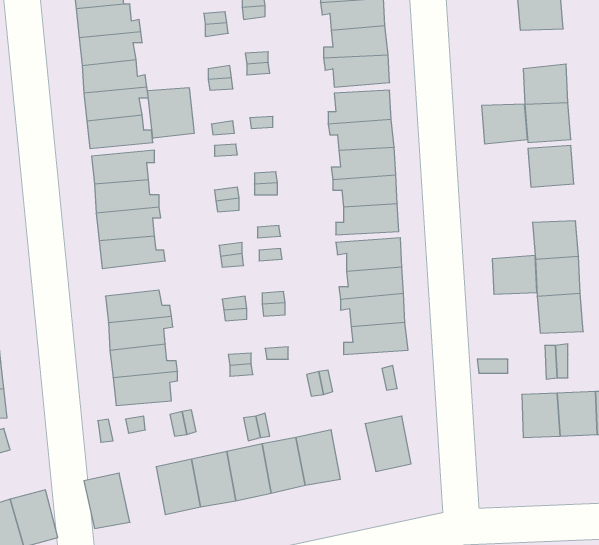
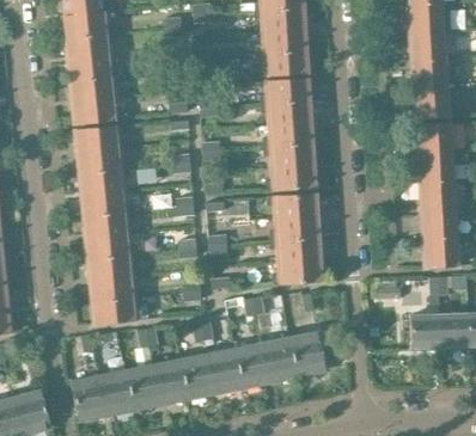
building: [148,88,194,138] -> none
building: [482,104,528,144] -> [409,31,445,62]
building: [492,256,537,294] -> [417,152,452,182]
building: none -> [84,211,134,239]
building: none -> [262,338,297,381]
building: none -> [97,371,133,414]

